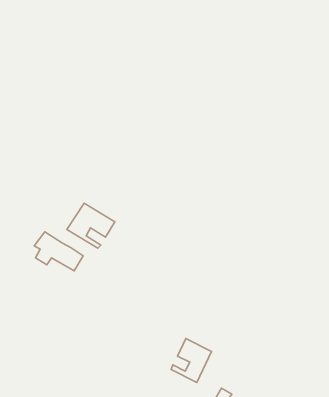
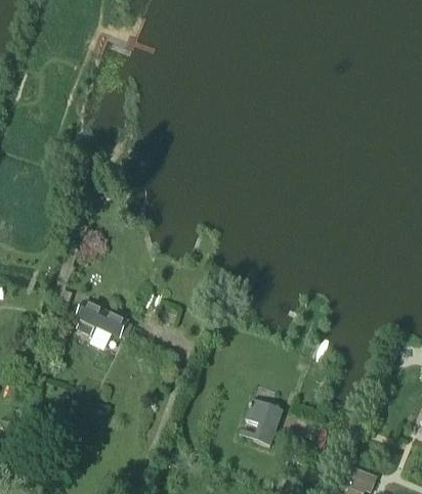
building: [67,203,115,248] -> none

